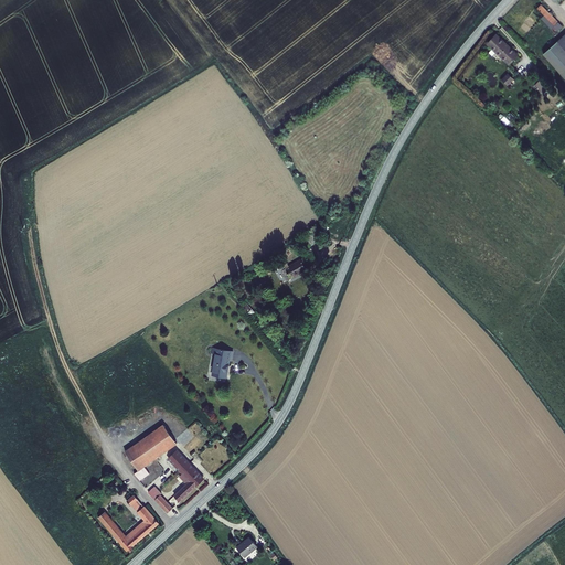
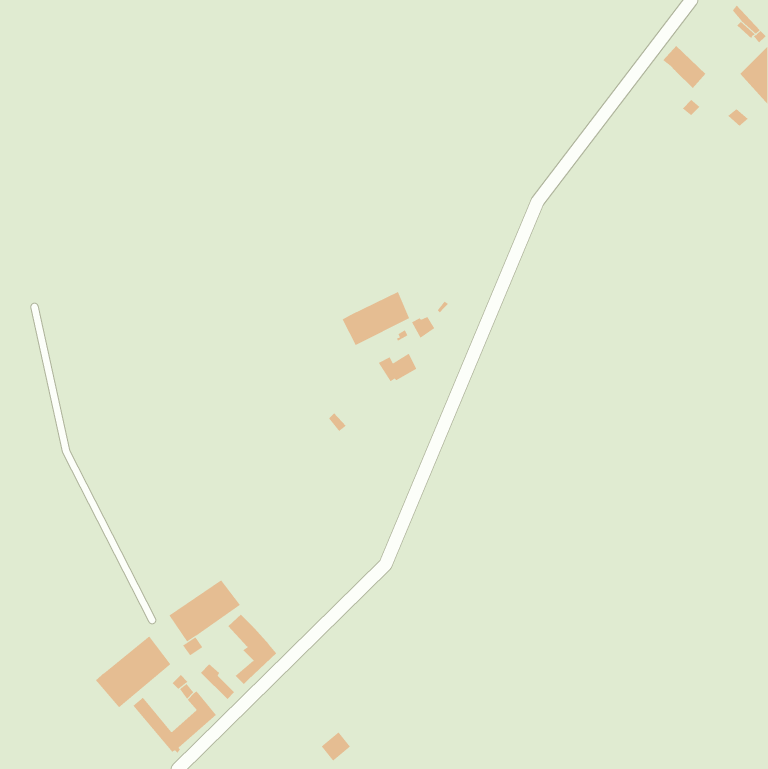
building: none -> [342,291,410,346]
building: [212,351,235,380] -> none
building: none -> [95,635,171,708]

